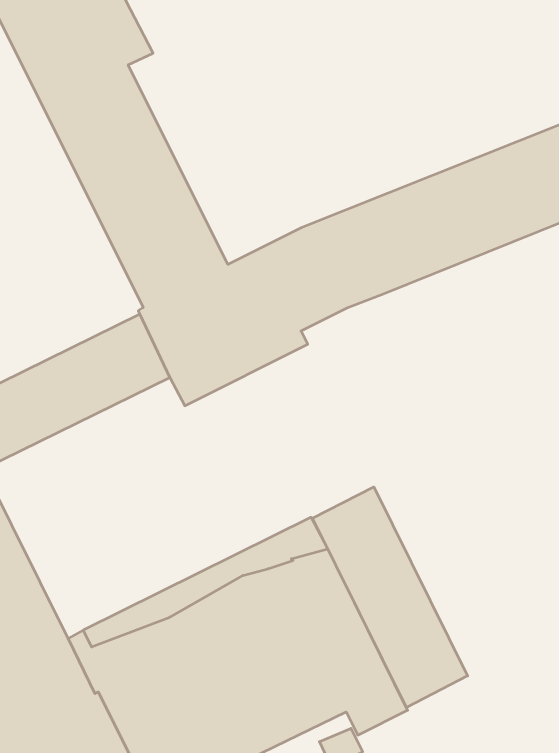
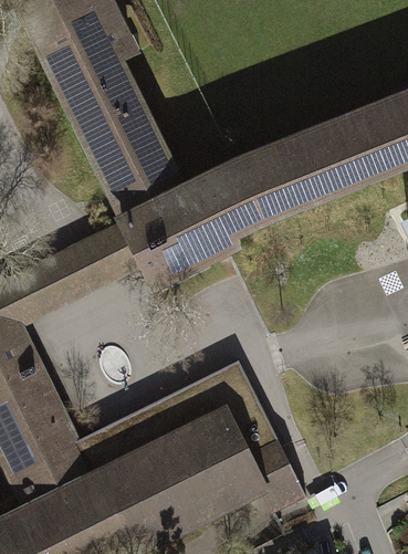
building: [313,487,468,707] -> none

